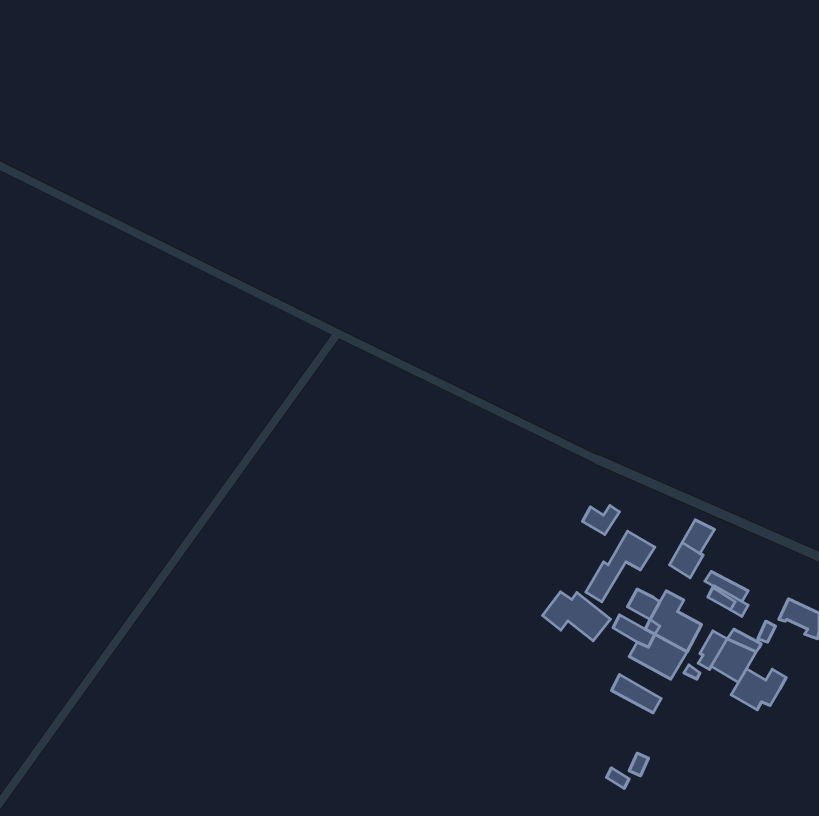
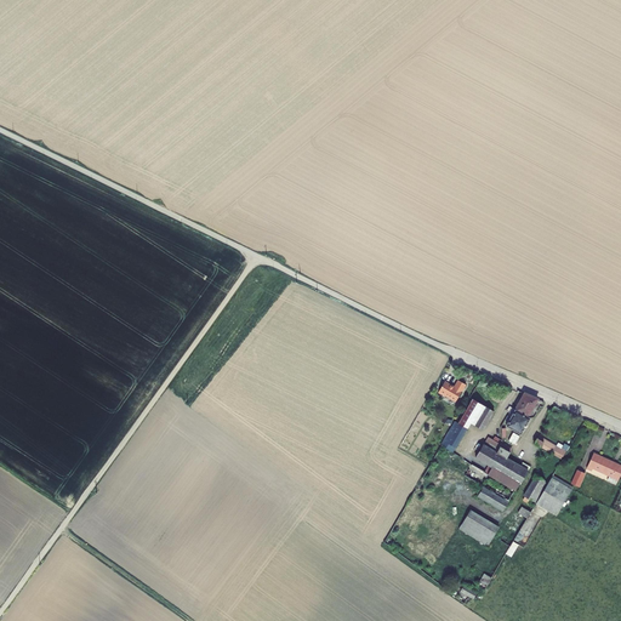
building: [542,592,611,641] -> none
building: [731,669,786,710] -> none

